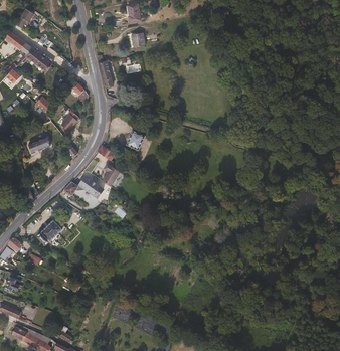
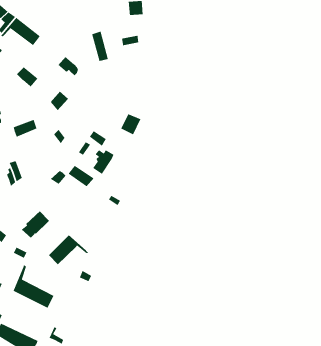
building: none -> [48,234,90,265]
building: none -> [12,264,54,309]

